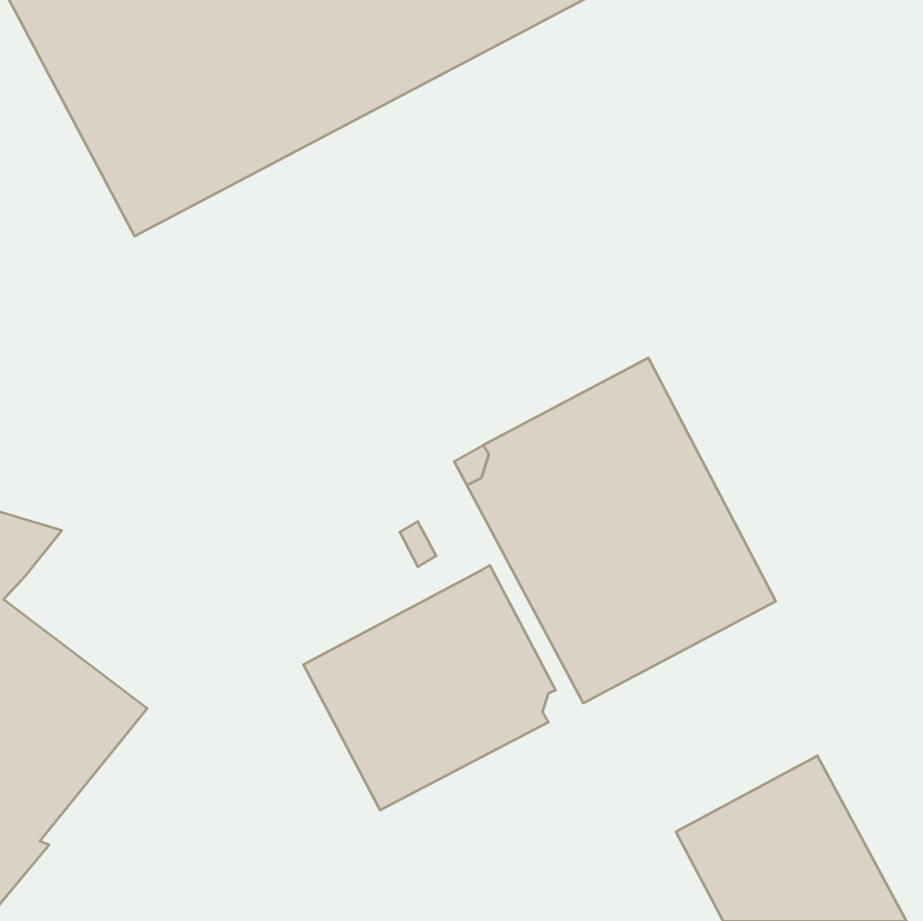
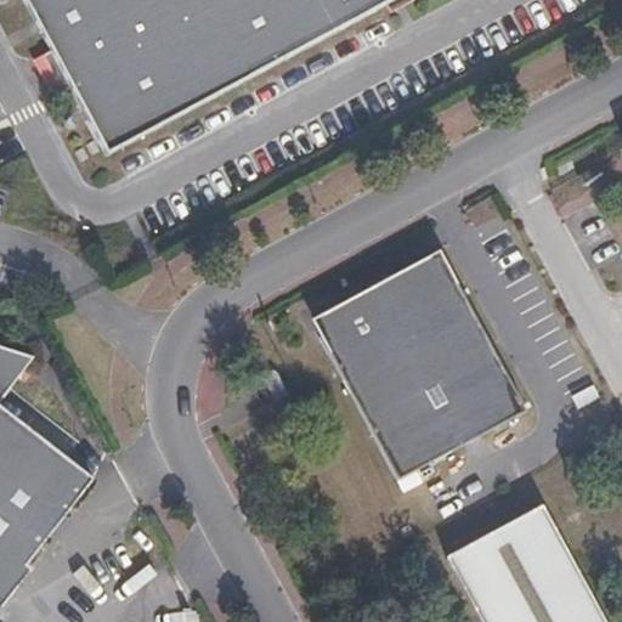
building: [303,565,556,810] -> none

